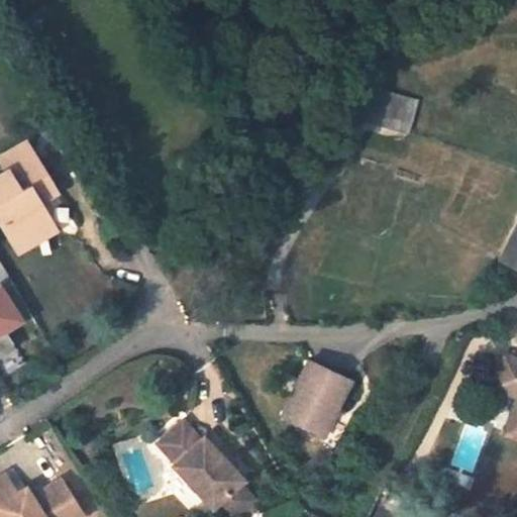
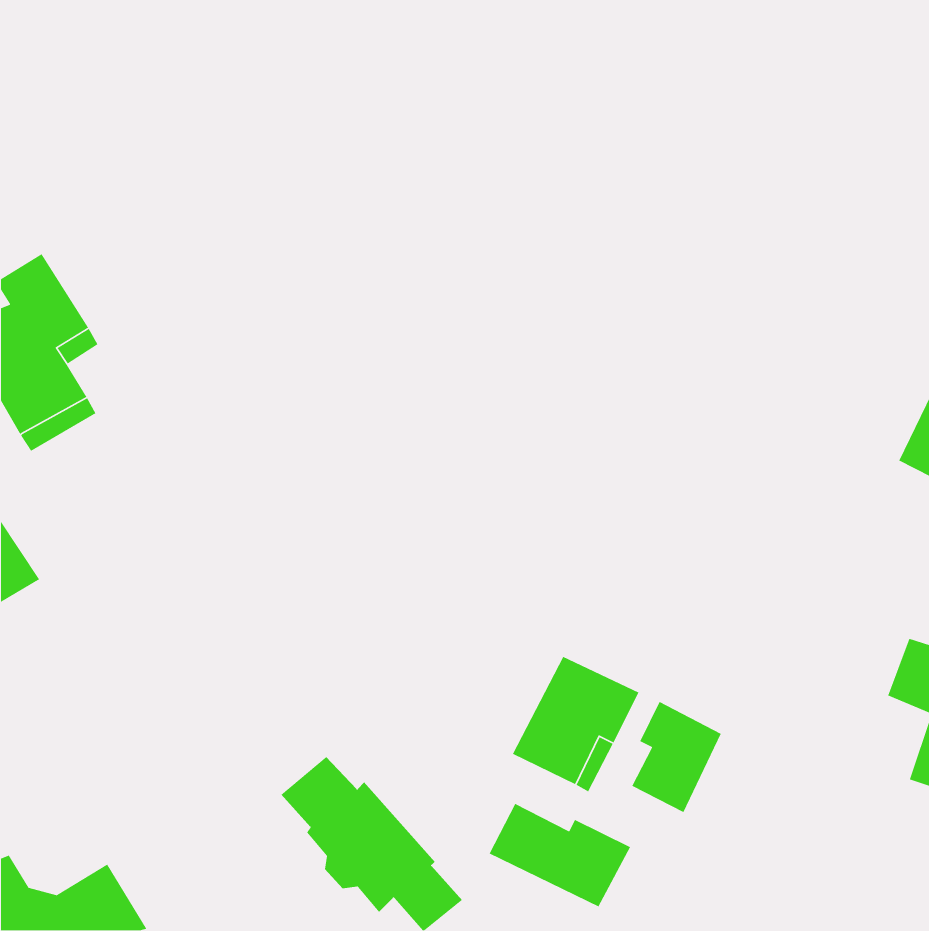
building: [355,86,416,133] -> none
building: none -> [631,701,722,813]
building: none -> [488,803,631,908]

